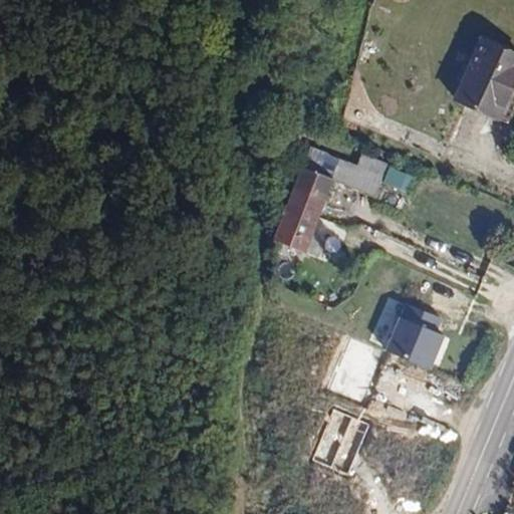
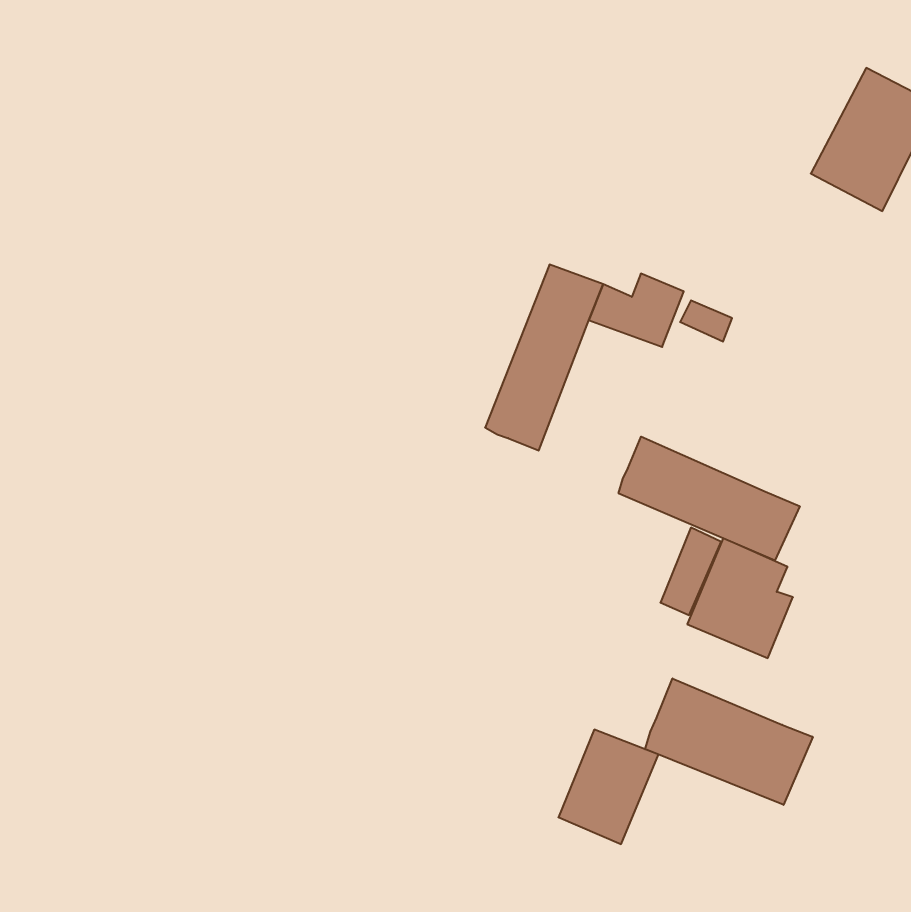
building: none -> [619,437,800,560]
building: none -> [645,678,813,805]

